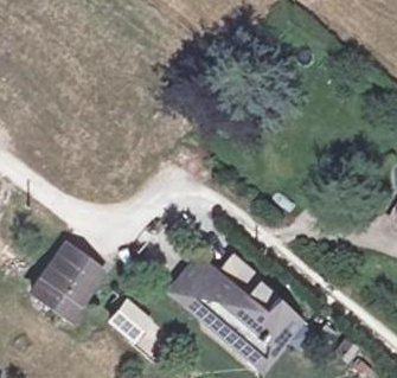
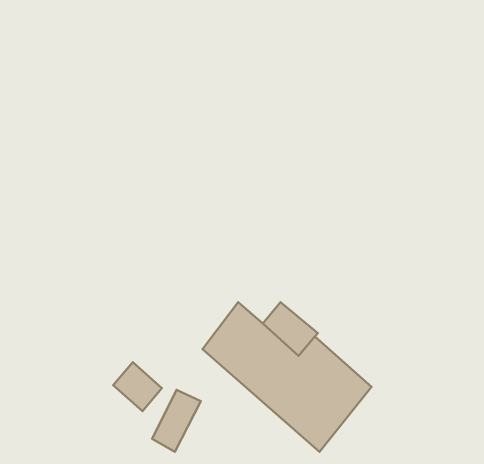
building: [31,243,103,316] -> none

